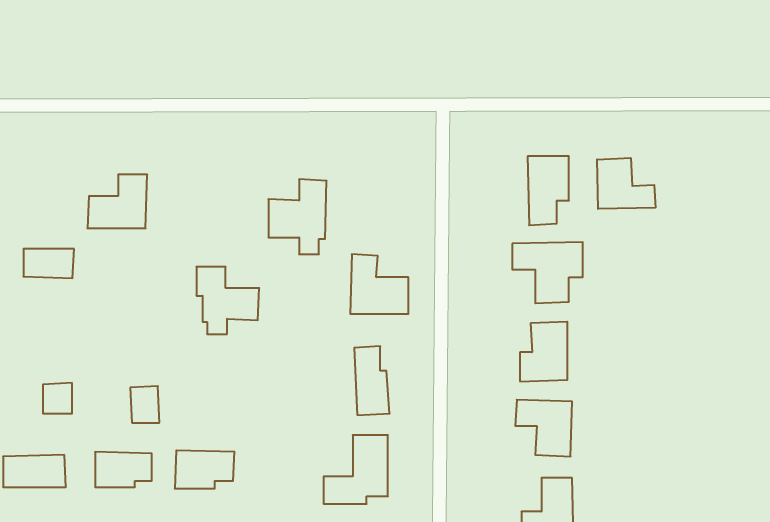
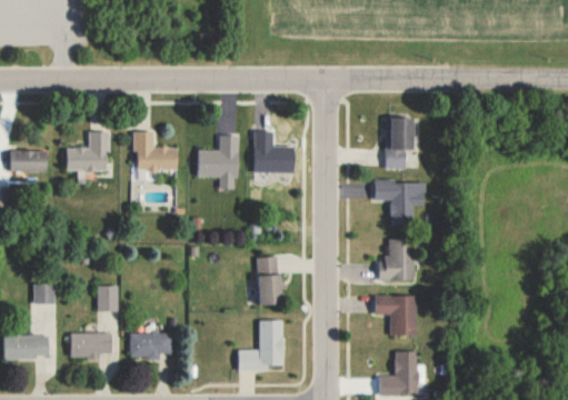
building: [597,158,655,209] -> none
building: [23,249,74,278] -> [11,150,48,171]
building: [350,254,408,314] -> [253,129,296,172]
building: [196,267,259,334] -> [132,131,178,180]

